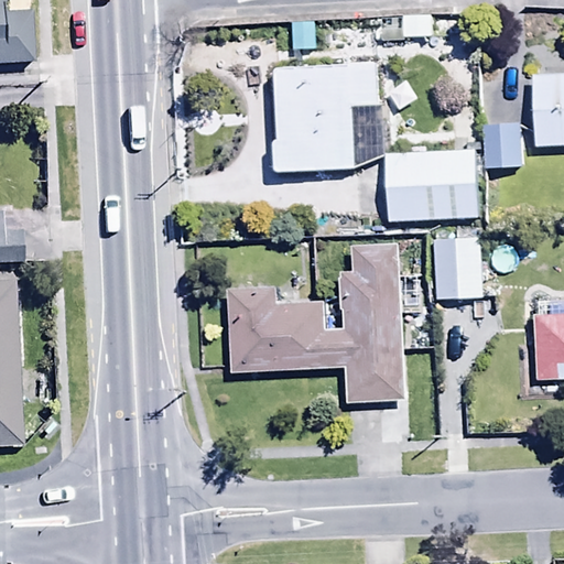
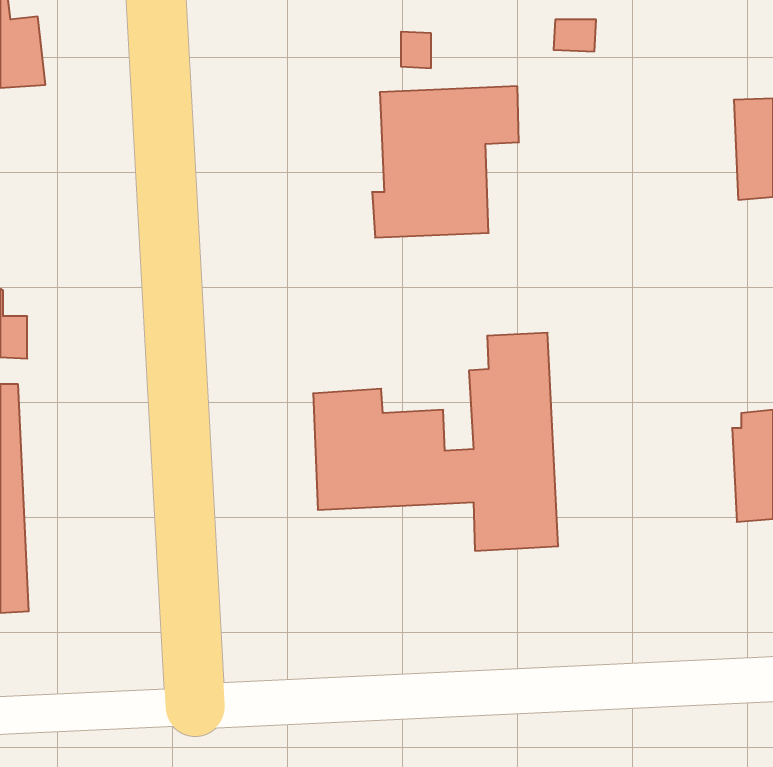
building: [481,121,523,169] -> none
building: [388,149,479,221] -> none
building: [433,237,482,300] -> none

